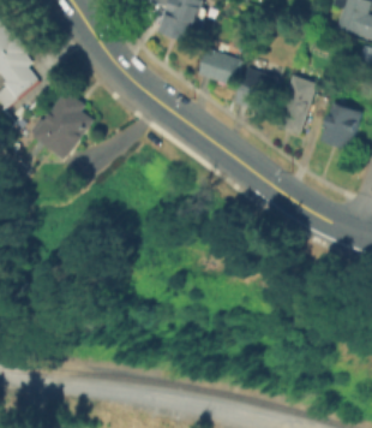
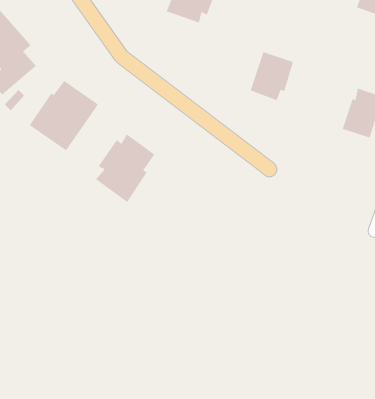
building: [202,46,242,87] -> none
building: [272,72,314,131] -> none
building: none -> [95,134,155,203]

